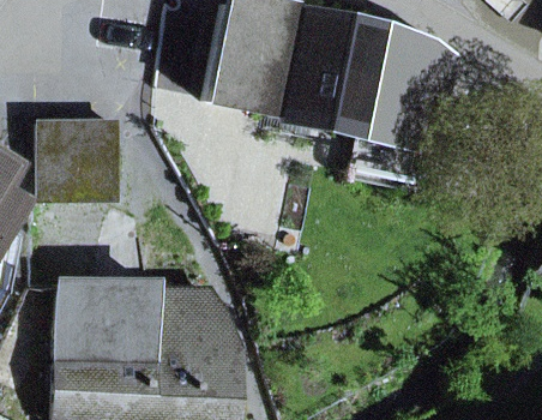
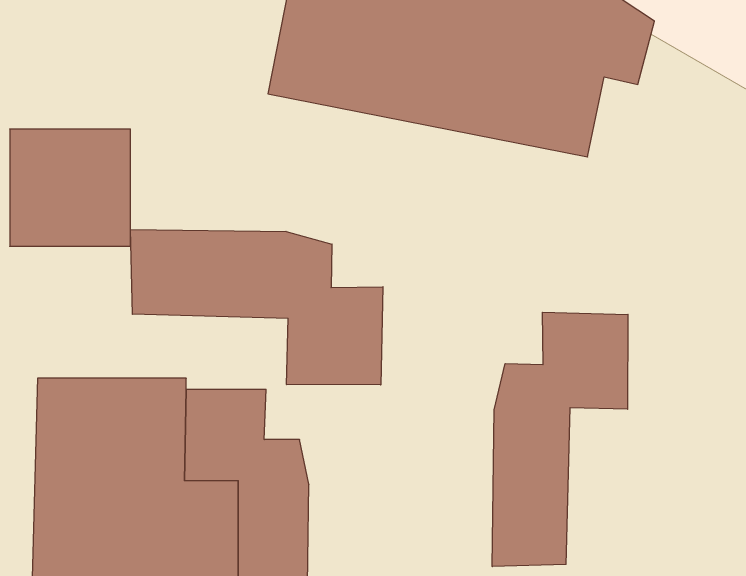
building: none -> [130,230,383,385]
building: none -> [492,312,628,567]

